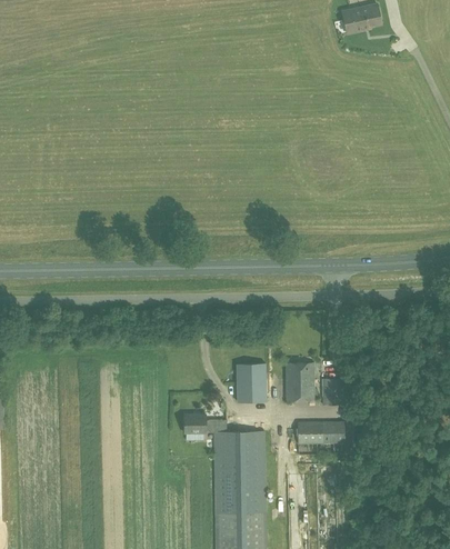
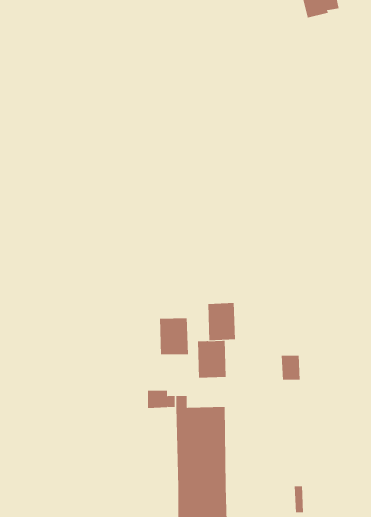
building: none -> [160,317,188,355]
building: [286,362,314,401] -> [207,303,236,341]
building: [298,421,344,456] -> none

